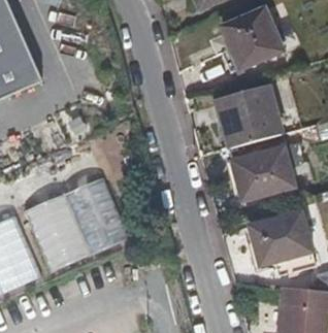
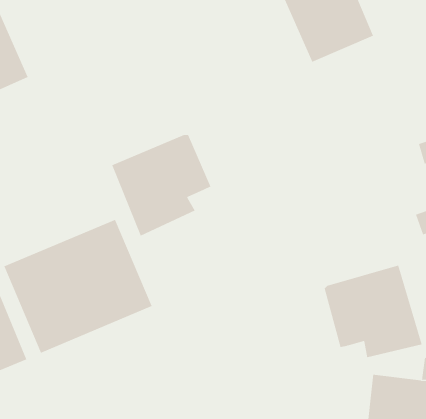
building: [214,86,282,146] -> none
building: none -> [111,134,211,236]
building: [230,146,295,201] -> none

